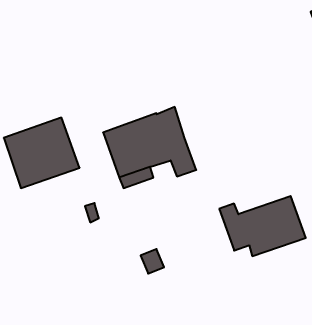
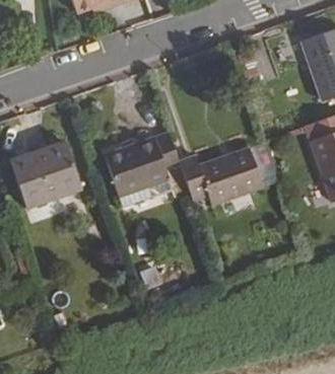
building: [219,196,306,256] -> [181,148,263,205]

